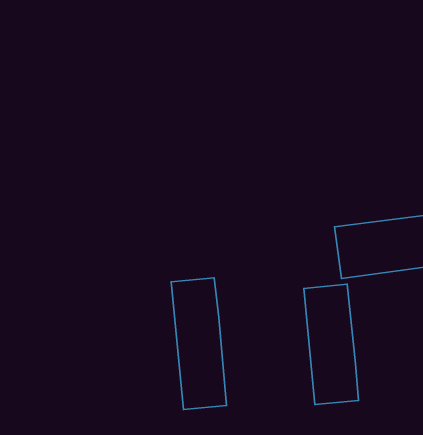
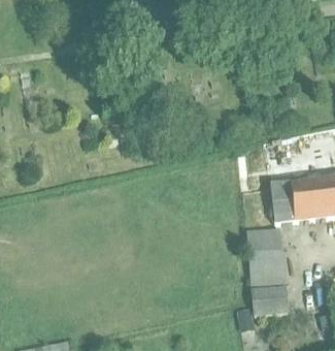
building: [171,278,226,410] -> none

